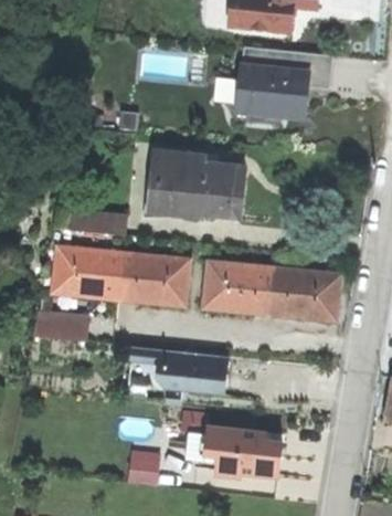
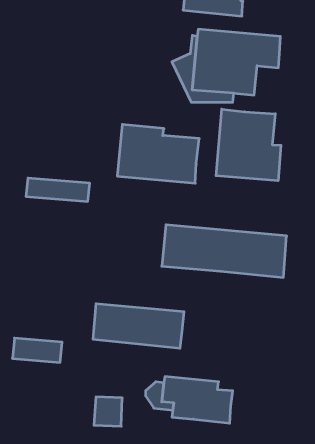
building: none -> [216,109,281,181]
building: [53,248,189,304] -> none
building: [34,315,88,341] -> [12,338,62,362]

